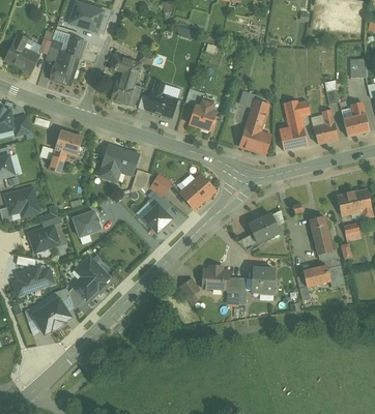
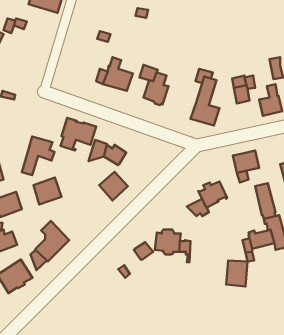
building: [49,36,85,85] -> none
building: [110,55,140,106] -> none
building: [279,126,307,150] -> [233,151,259,173]
building: [49,130,84,172] -> [22,137,54,175]
building: [180,174,214,209] -> none
building: [250,266,272,294] -> [226,260,247,286]

